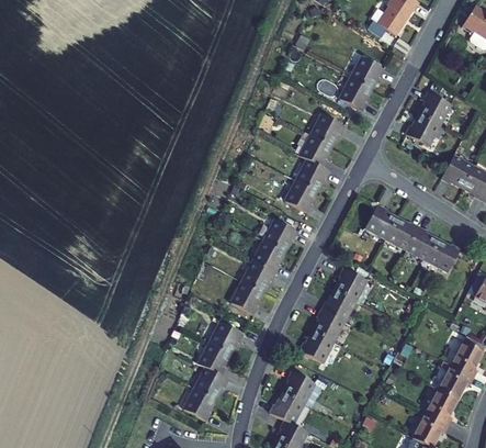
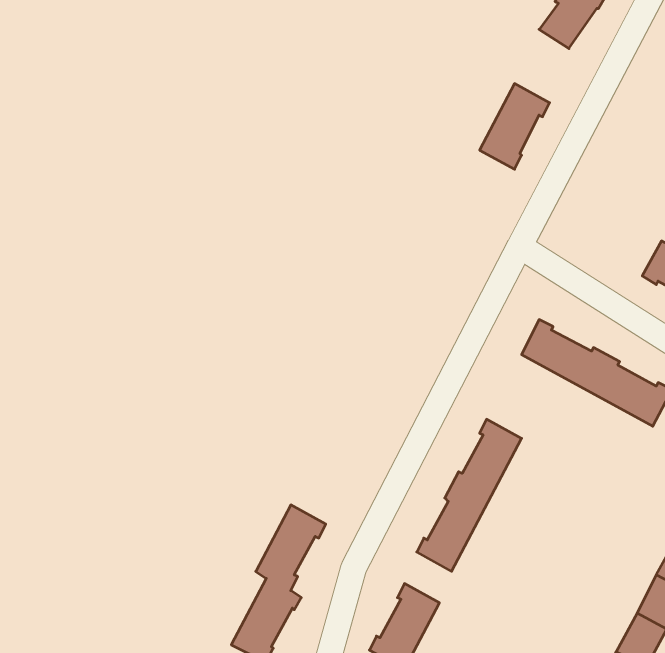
building: [406,91,450,145] -> none
building: [284,113,343,212] -> none
building: [230,220,297,314] -> none

